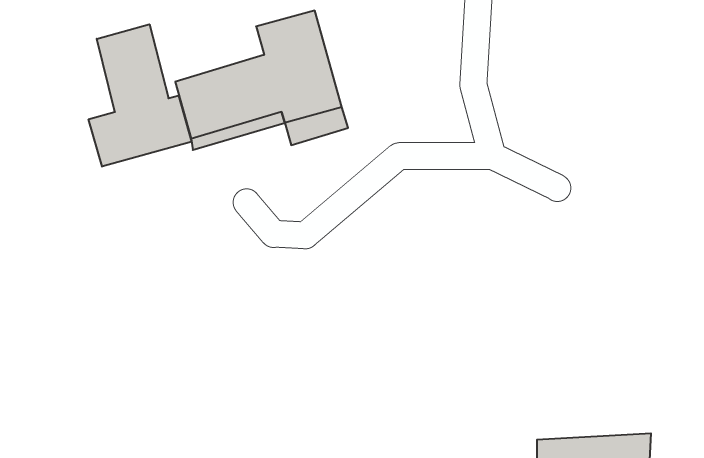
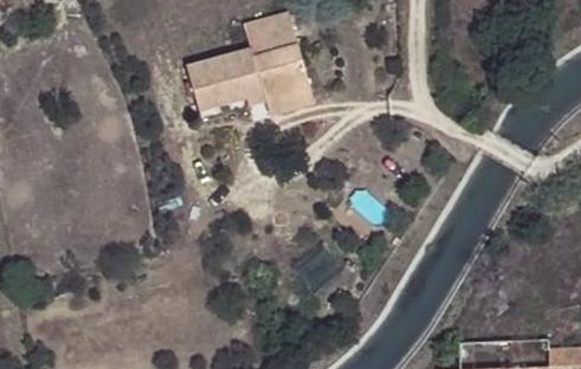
building: [89,24,192,167] -> none

